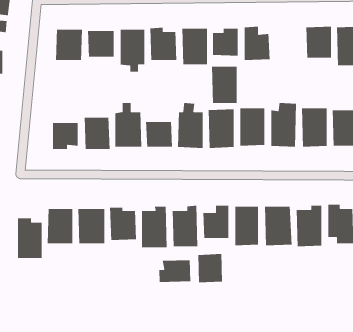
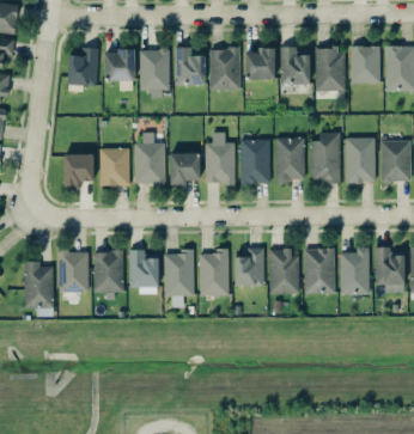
building: [211,66,238,104] -> [315,48,345,91]
building: [198,253,223,283] -> none
building: [158,260,191,283] -> none

